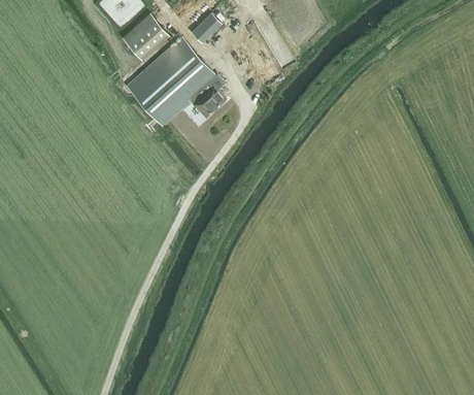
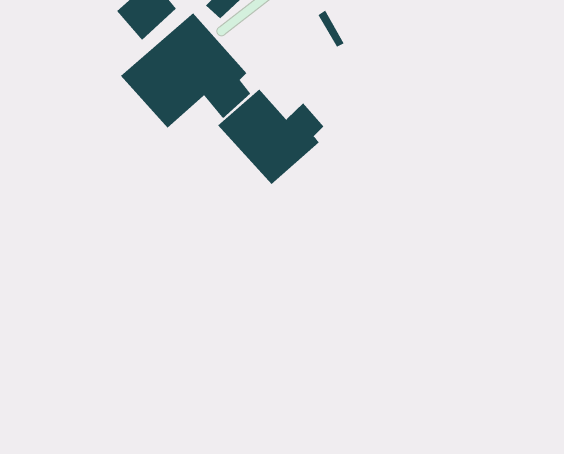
building: none -> [217,88,324,185]

